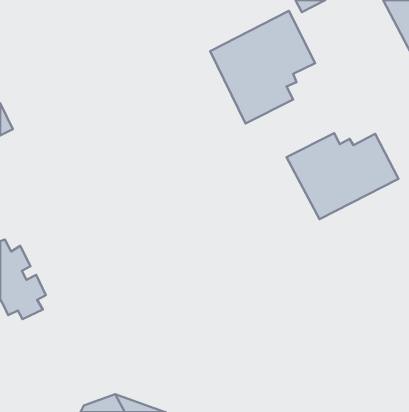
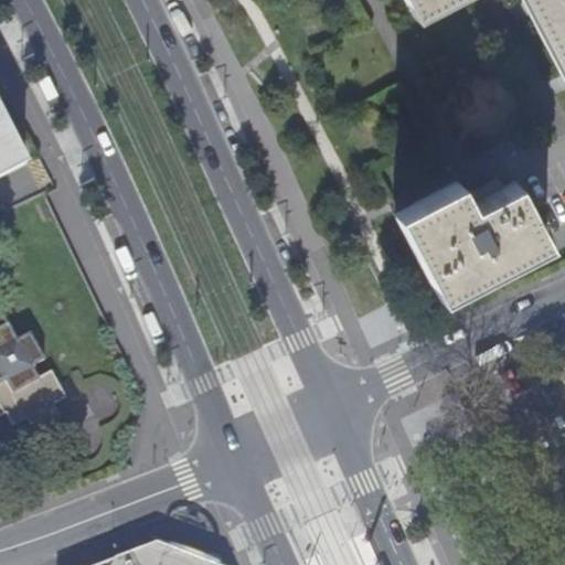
building: [210,11,315,124] -> none

